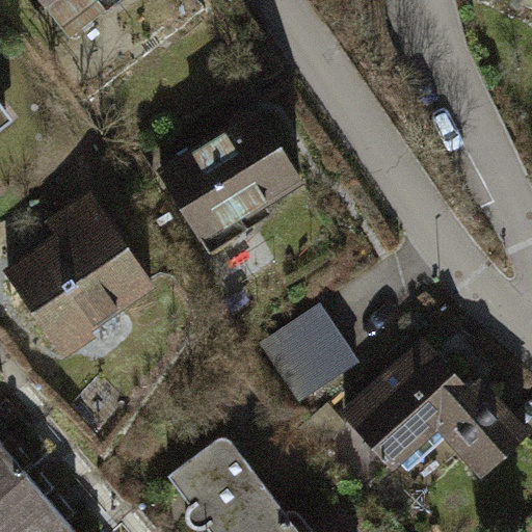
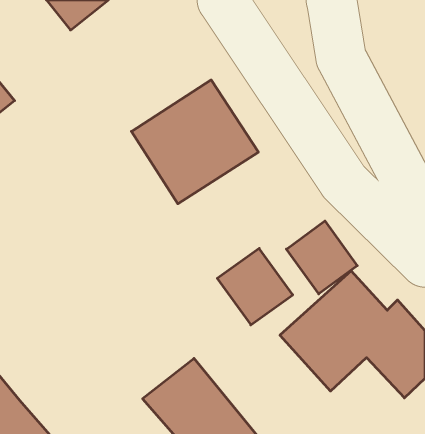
building: [8,197,159,353] -> none
building: none -> [286,221,357,294]

